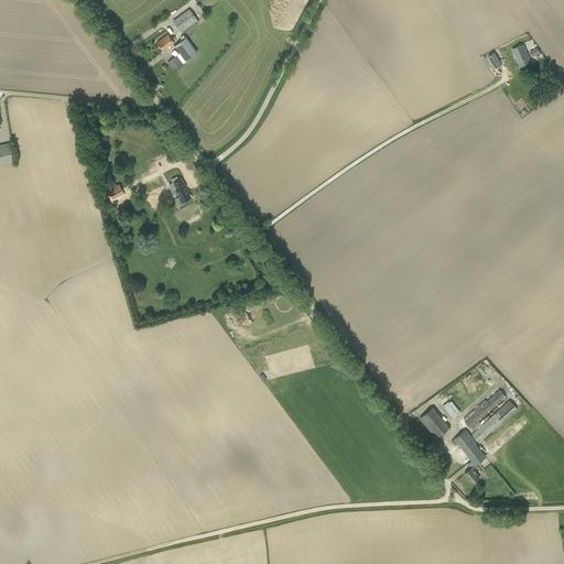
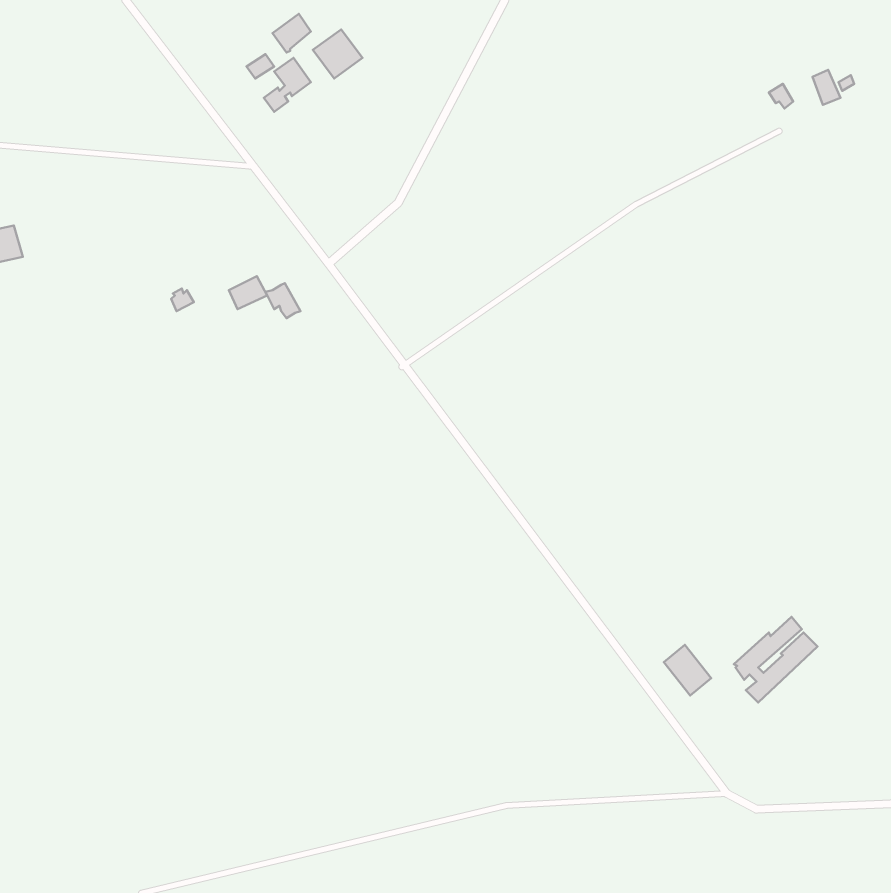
building: none -> [313,29,363,78]
building: [451,430,484,482] -> none

